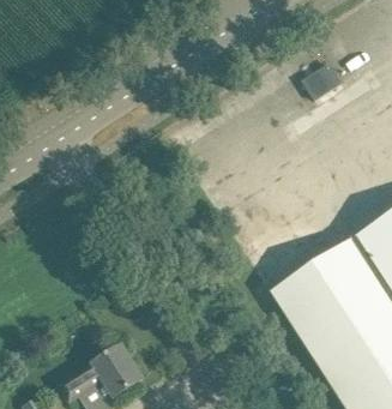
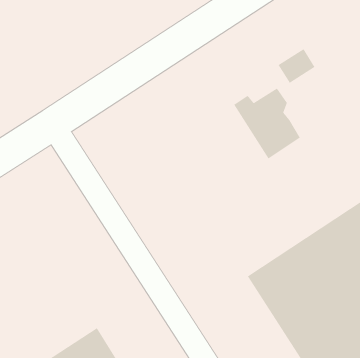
building: none -> [233,87,301,159]

